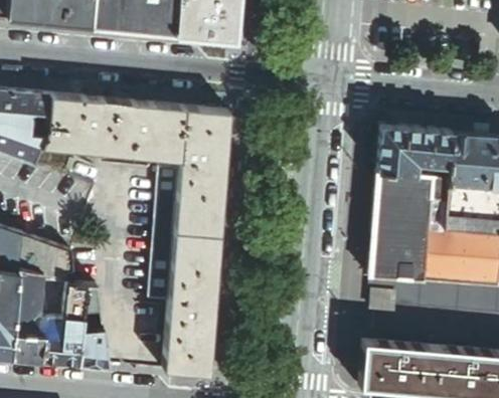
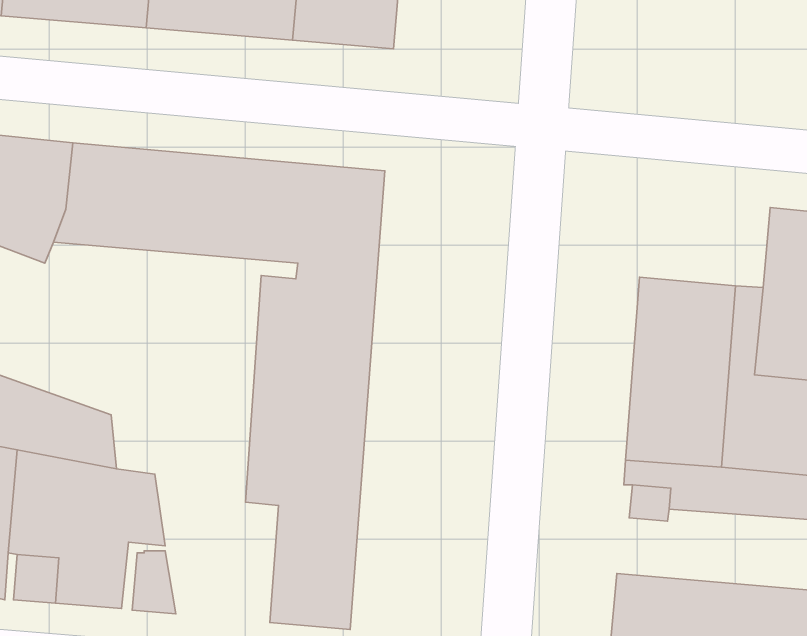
building: [378,126,454,178] -> none

